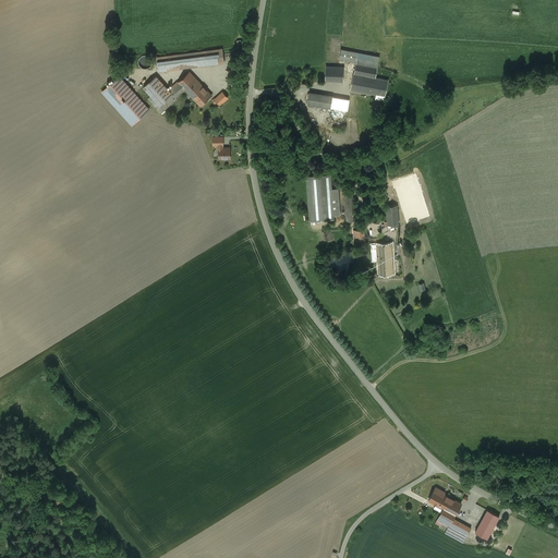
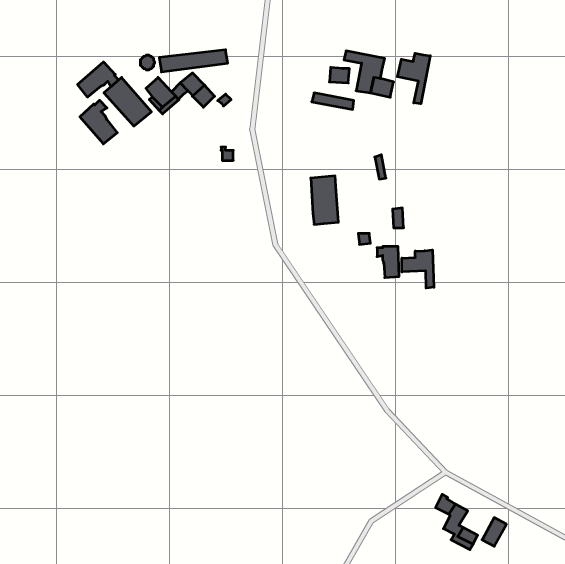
building: none -> [397,53,430,104]
building: none -> [78,62,118,97]
building: none -> [80,100,117,144]
building: none -> [402,250,434,288]

